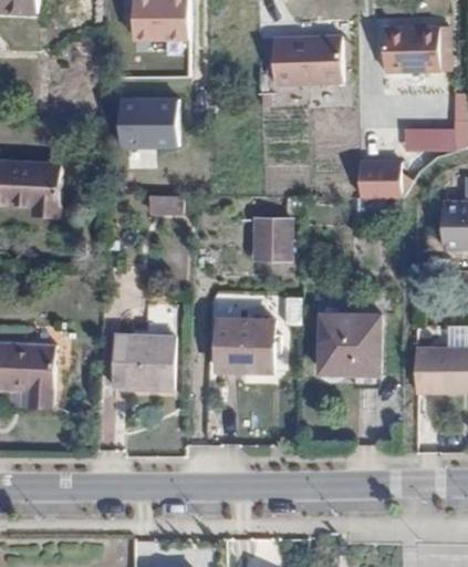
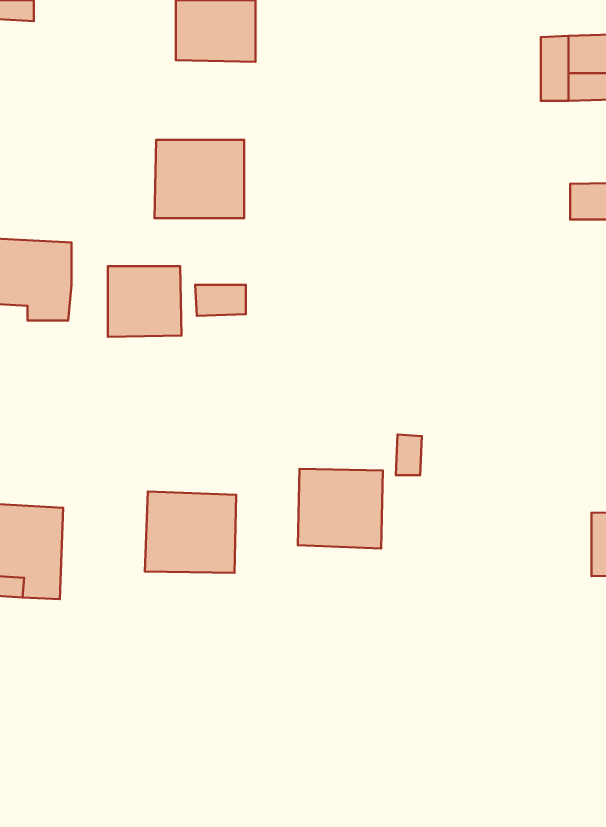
building: [271,39,339,87] -> none
building: [349,163,399,199] -> none
building: none -> [108,266,181,337]
building: [251,219,291,259] -> none
building: [319,313,381,377] -> none

